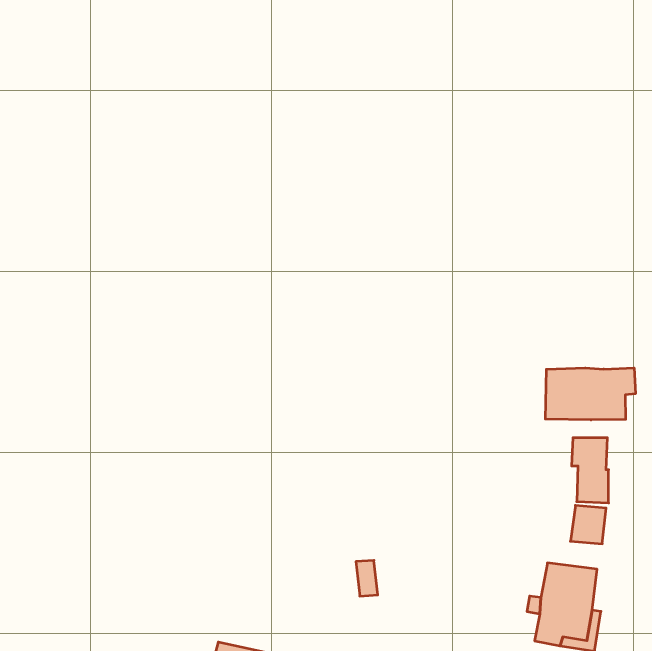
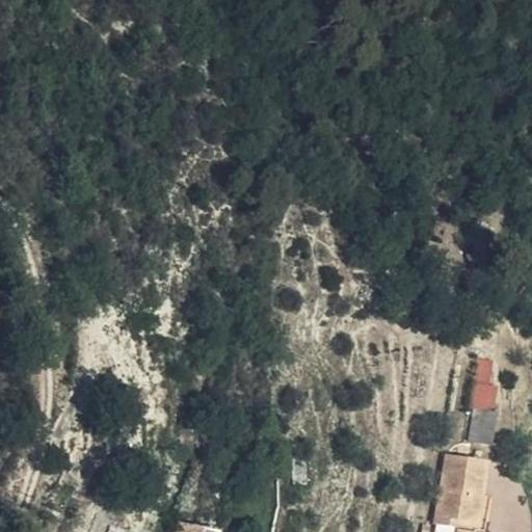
building: [545,368,635,420] -> none

